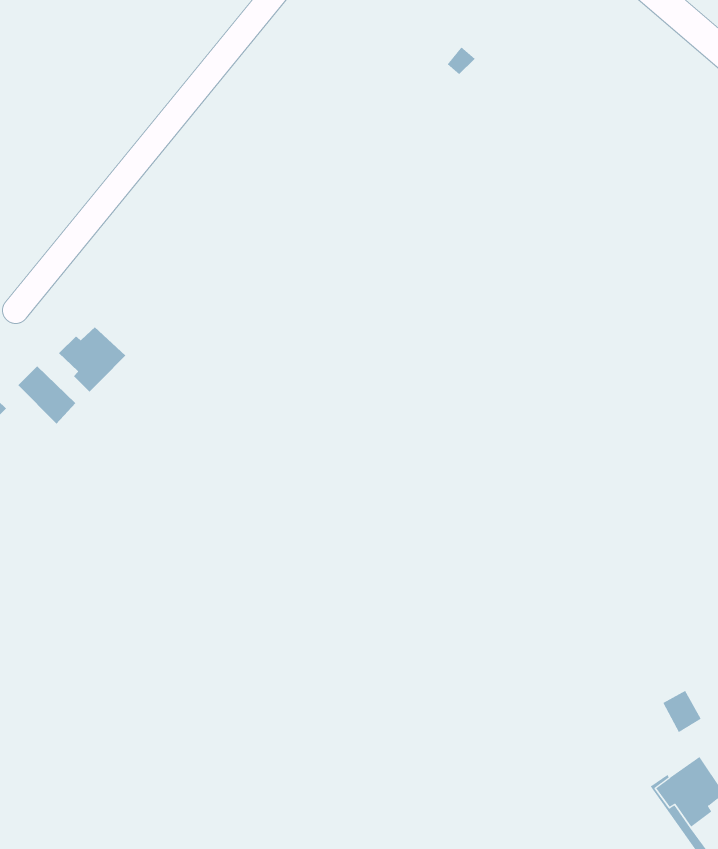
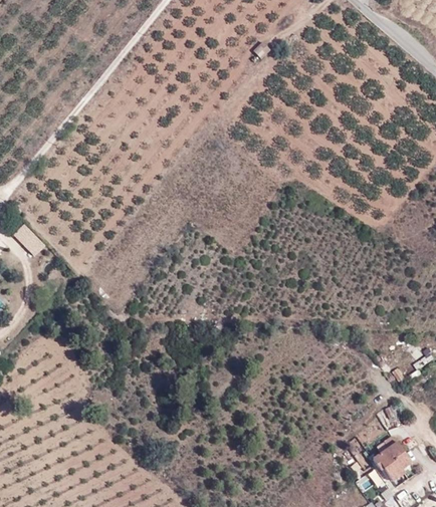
building: [58,327,126,392] -> none

